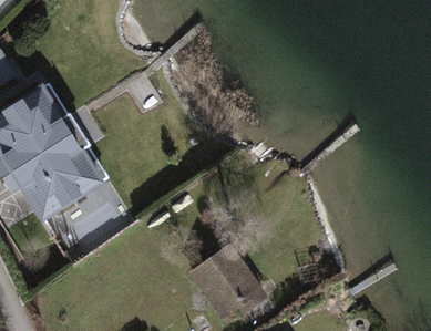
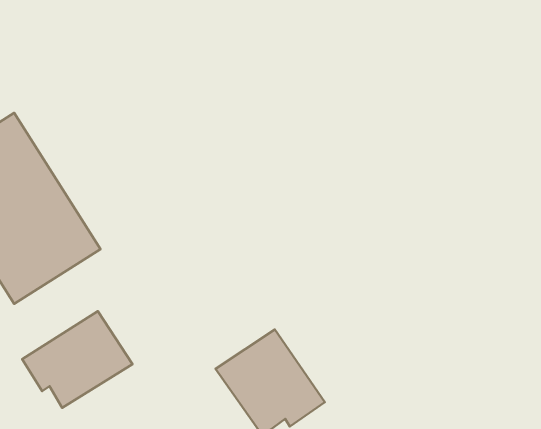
building: none -> [22,311,133,408]

